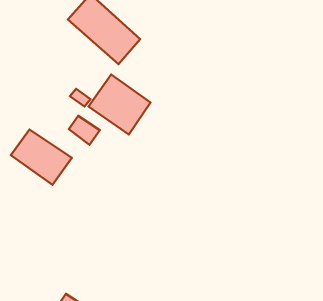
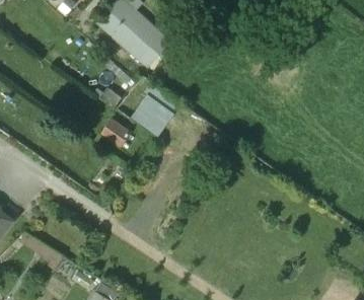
building: [11,129,72,185] -> none

